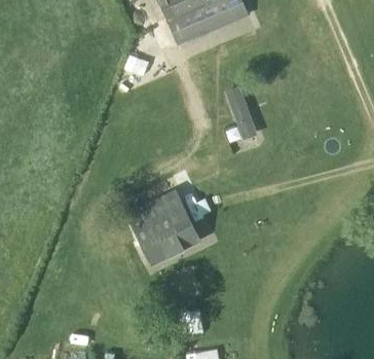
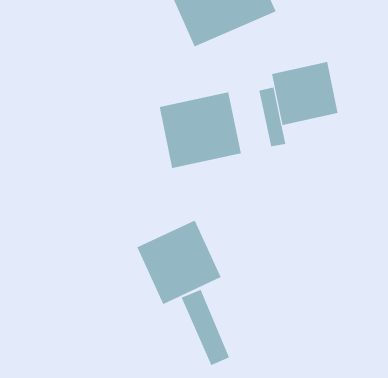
building: none -> [271,61,338,126]
building: none -> [159,92,241,169]

